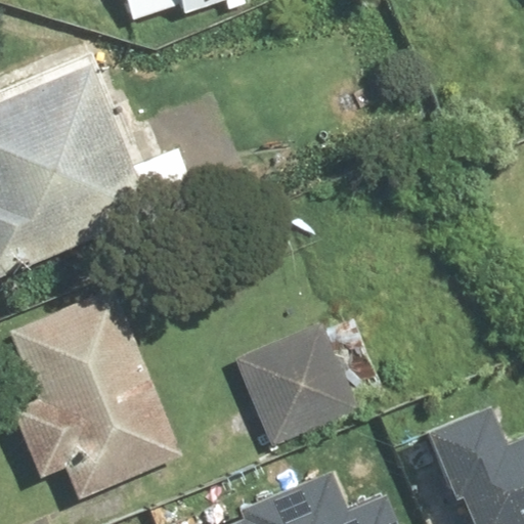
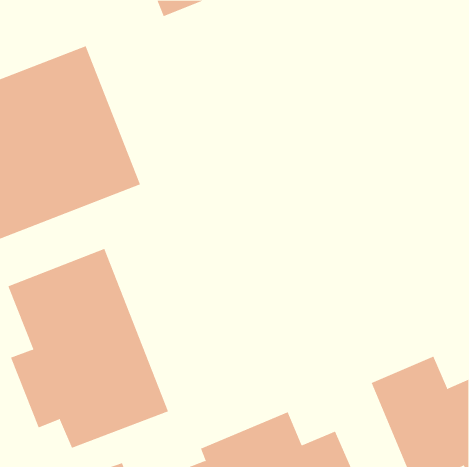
building: [228,329,362,451] -> none

